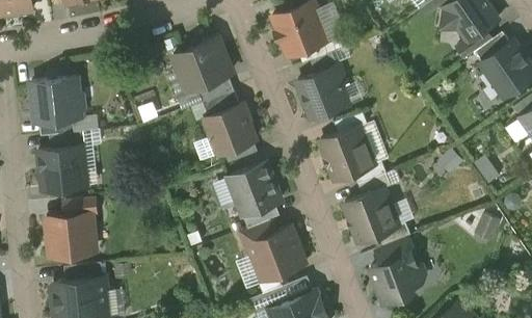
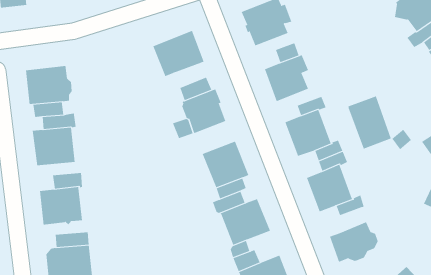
building: [196,76,233,104] -> none
building: none -> [348,95,392,149]
building: [375,238,411,266] -> none

